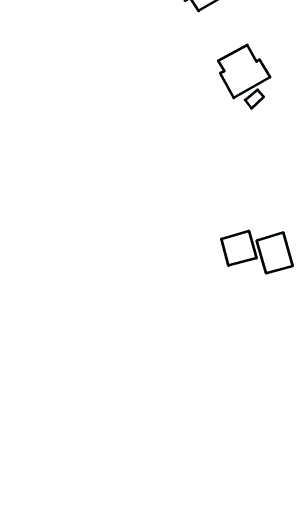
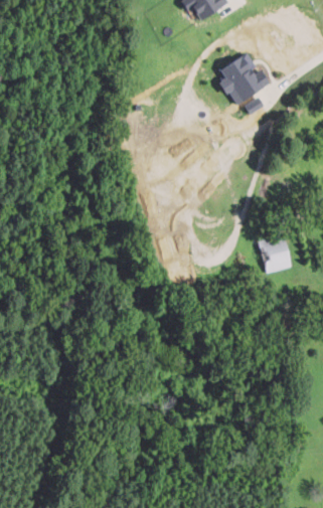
building: [221,231,256,266] -> none

